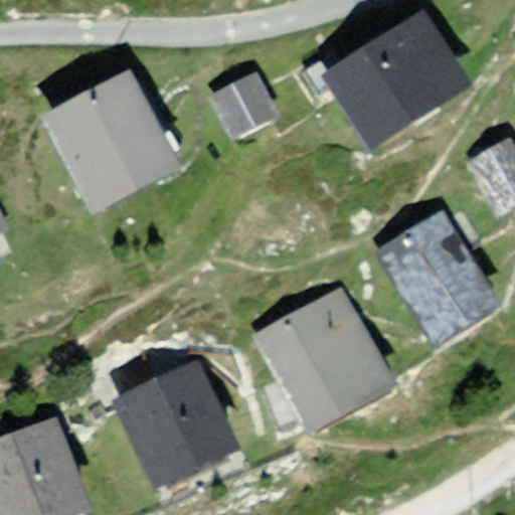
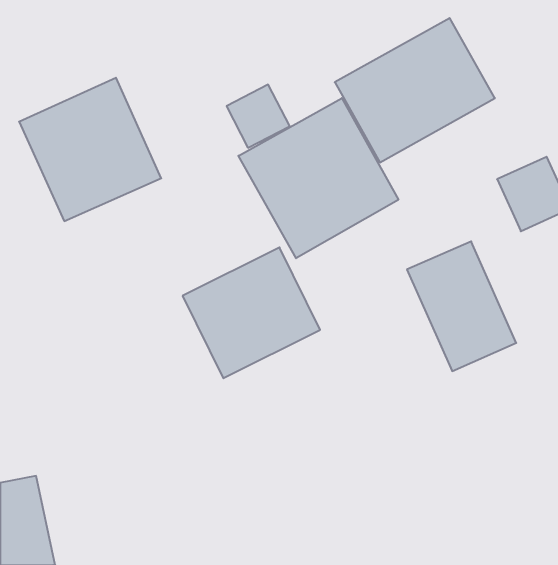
building: none -> [238,98,398,258]
building: [250,300,373,416] -> [183,247,320,378]
building: [118,378,225,479] -> none

